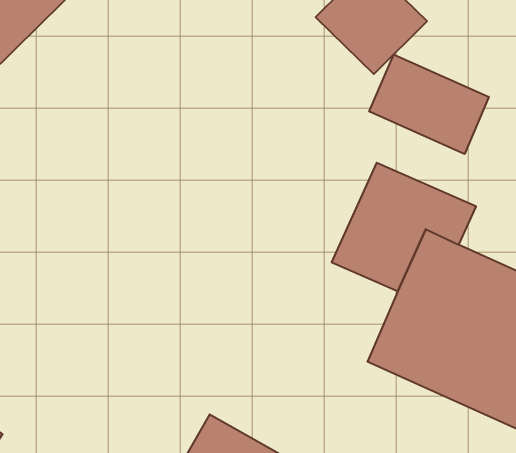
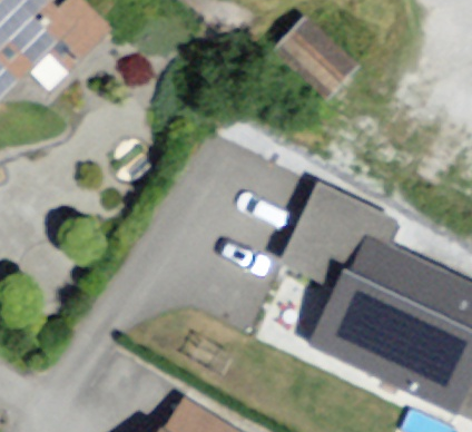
building: [369,54,489,154] -> none

